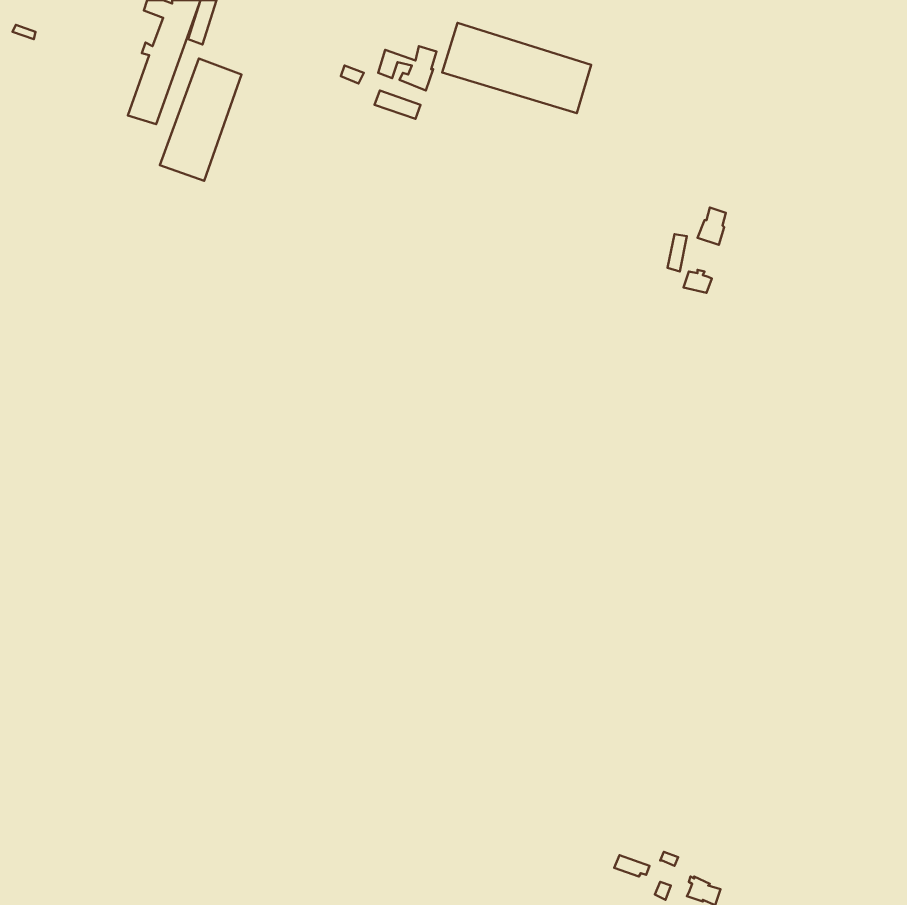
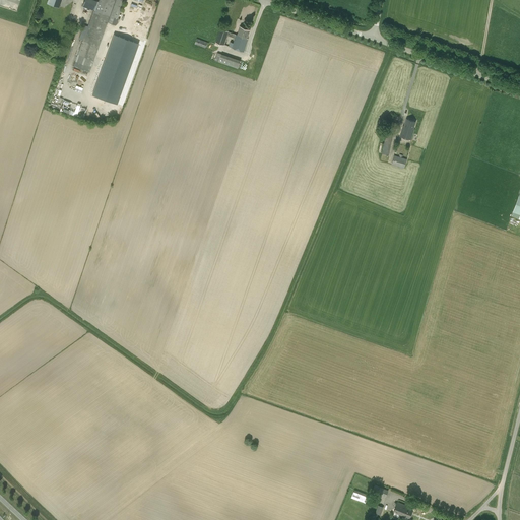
building: [442,23,591,113] -> none

